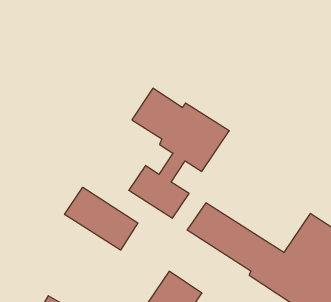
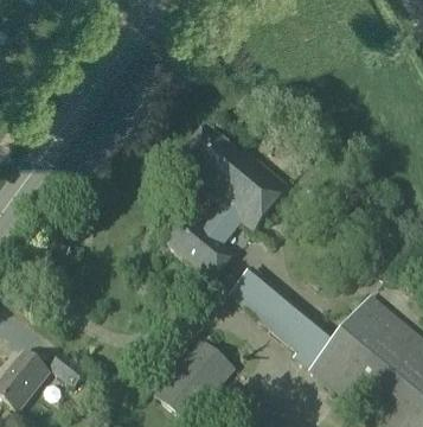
building: [65,187,138,250] -> none

